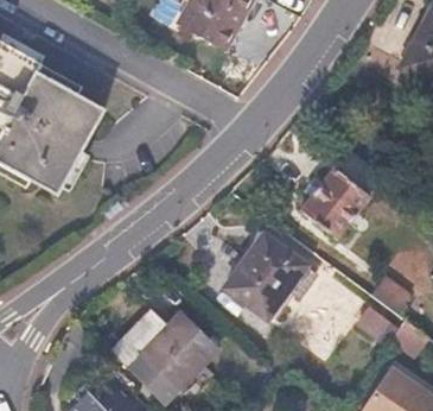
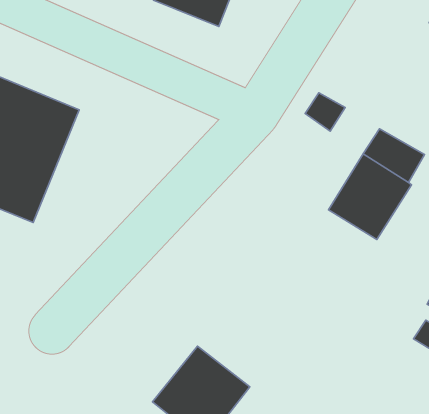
building: [223,234,316,318] -> none

